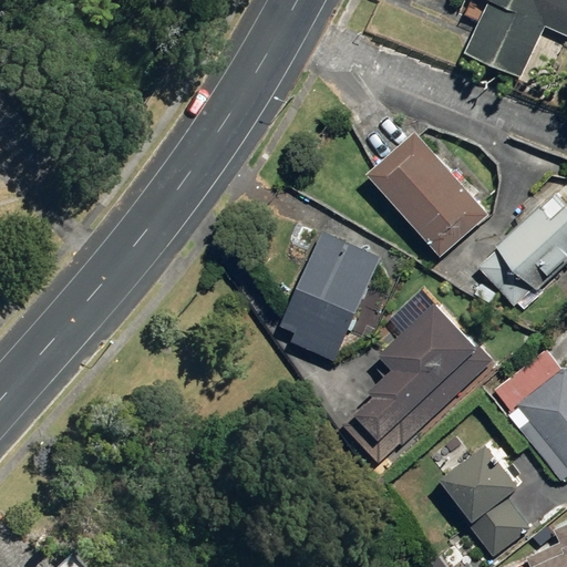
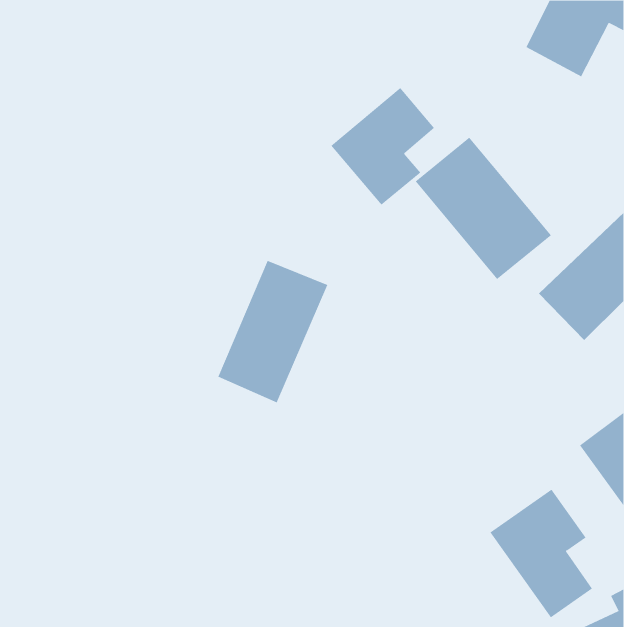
building: none -> [330,87,435,206]
building: [278,235,377,362] -> [217,260,328,403]
building: [357,301,478,434] -> none

